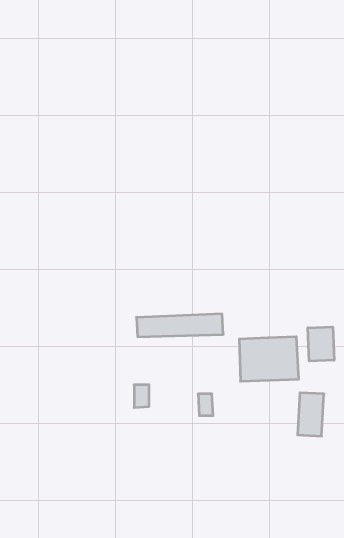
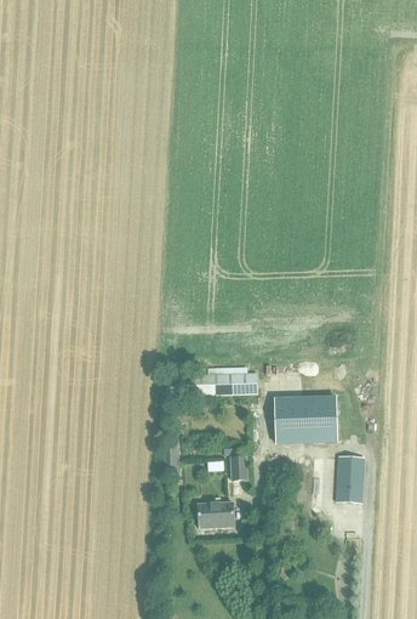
building: [308,327,334,361] -> none
building: none -> [196,501,233,528]

